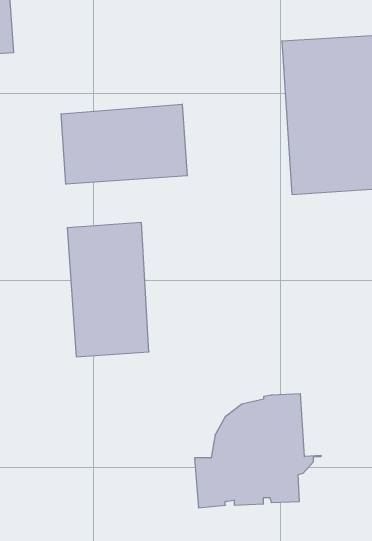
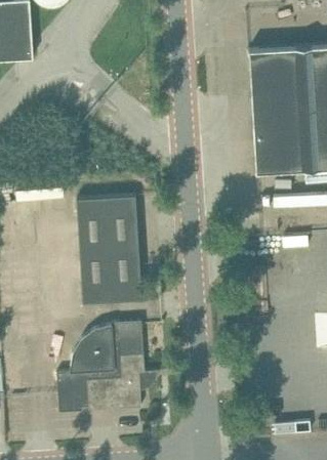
building: [61,104,187,184] -> none
building: [195,394,321,508] -> [56,323,158,414]

